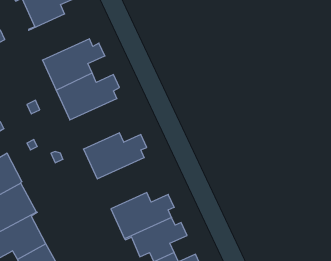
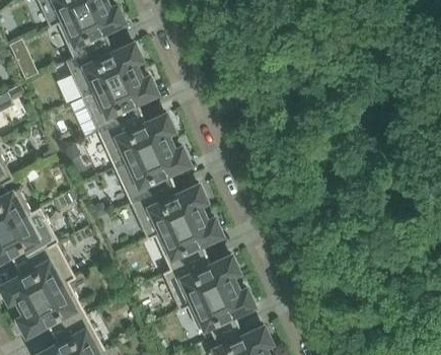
building: none -> [66,43,141,97]
building: none -> [115,143,189,203]
building: none -> [147,213,221,274]

